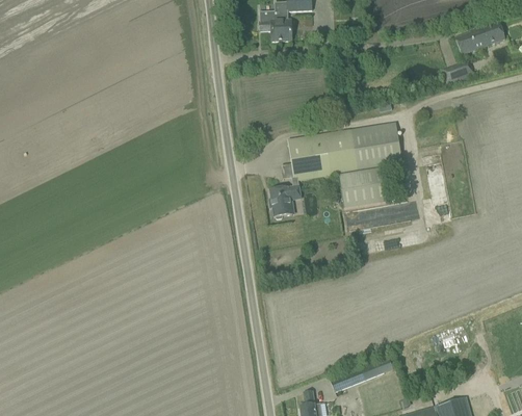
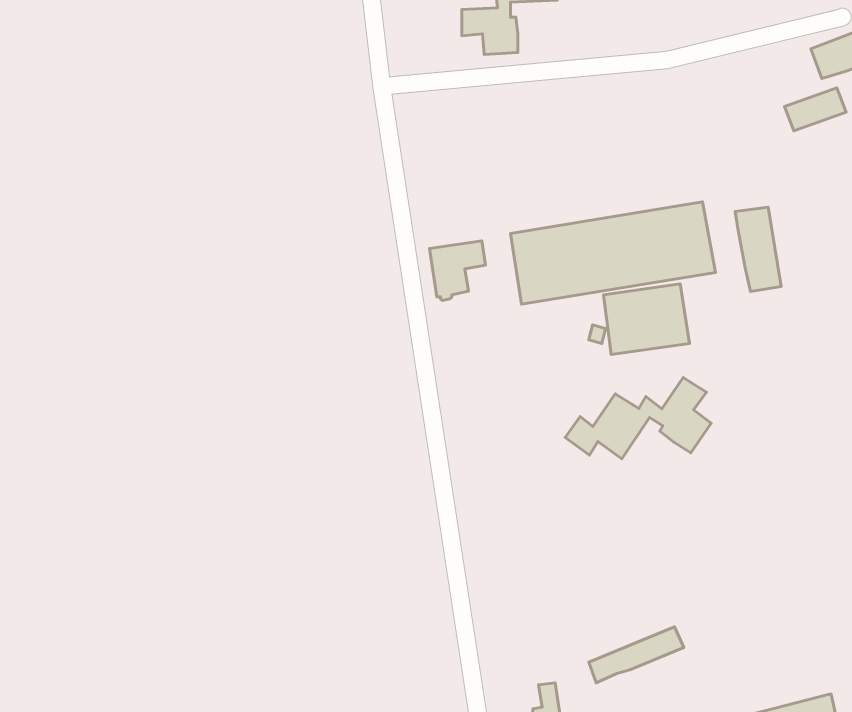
building: none -> [735,207,781,292]
building: [269,184,301,217] -> [429,241,485,301]
building: none -> [565,378,711,459]

